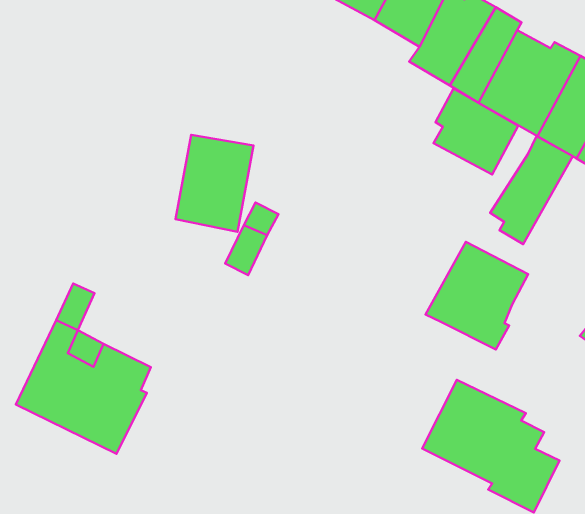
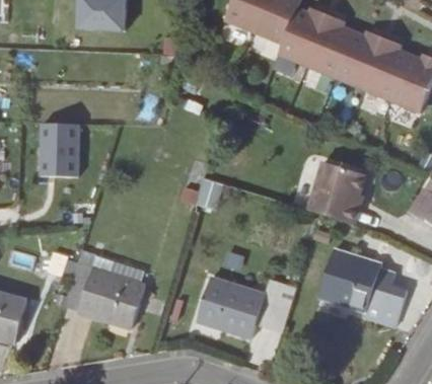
building: [433,89,518,175] -> none
building: [175,135,254,232] -> [39,121,80,176]
building: [490,136,573,244] -> none
building: none -> [198,278,284,336]

